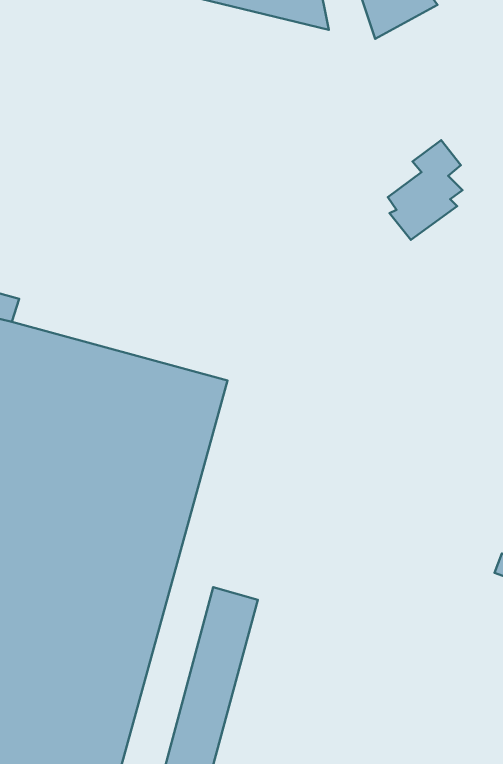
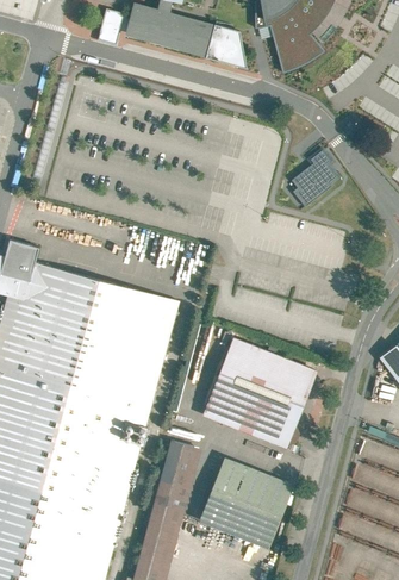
building: none -> [202,338,316,449]
building: none -> [205,463,287,541]

